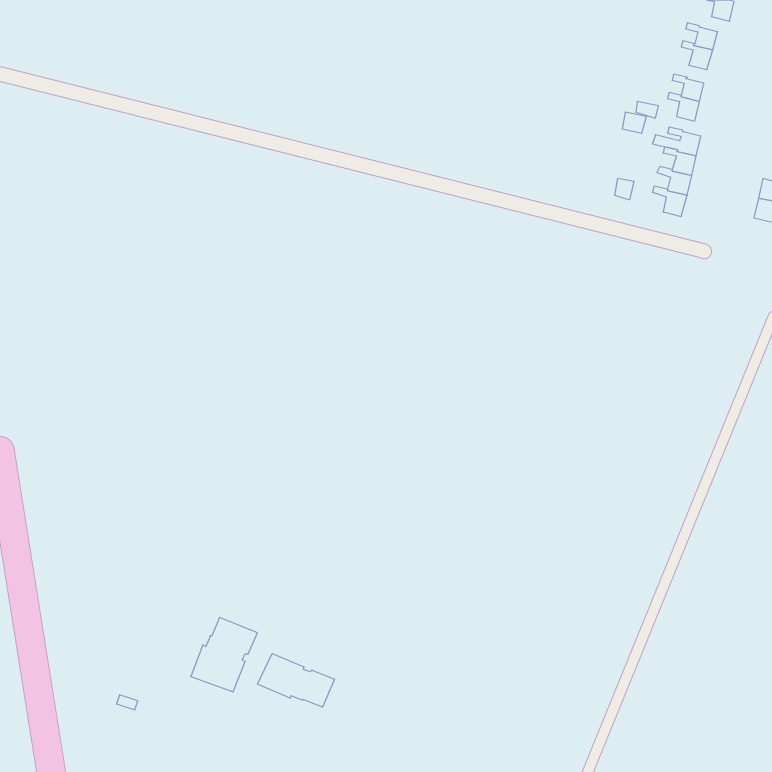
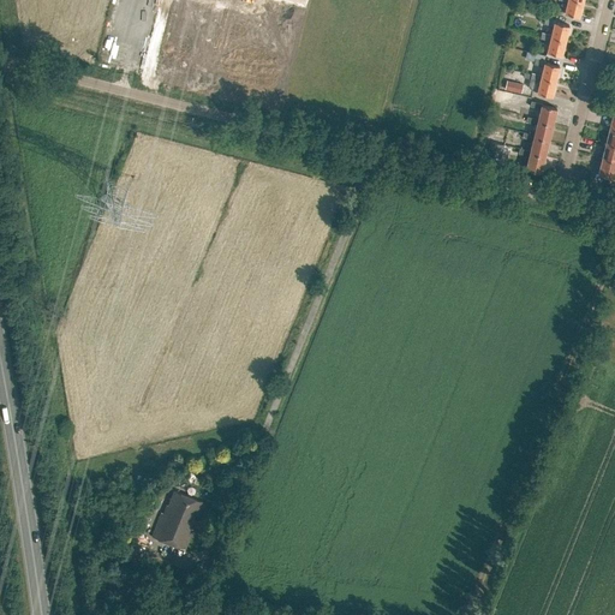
building: [257,654,334,707] -> none

